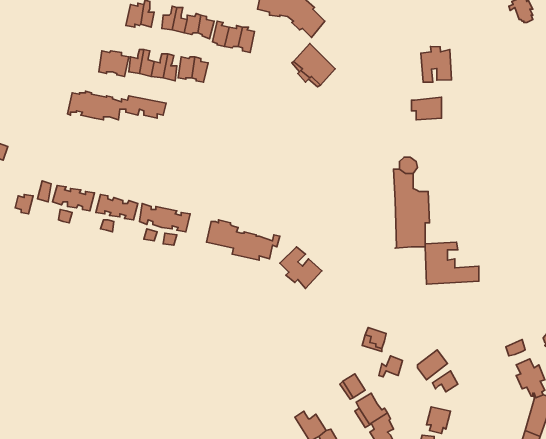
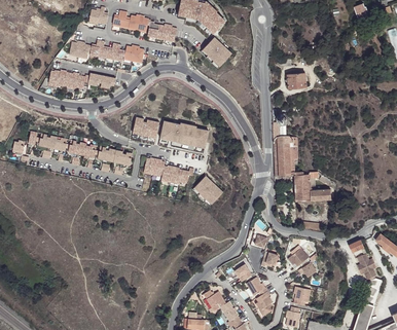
building: [421,47,452,82] -> none
building: none -> [132,117,158,138]
building: none -> [160,120,208,146]

